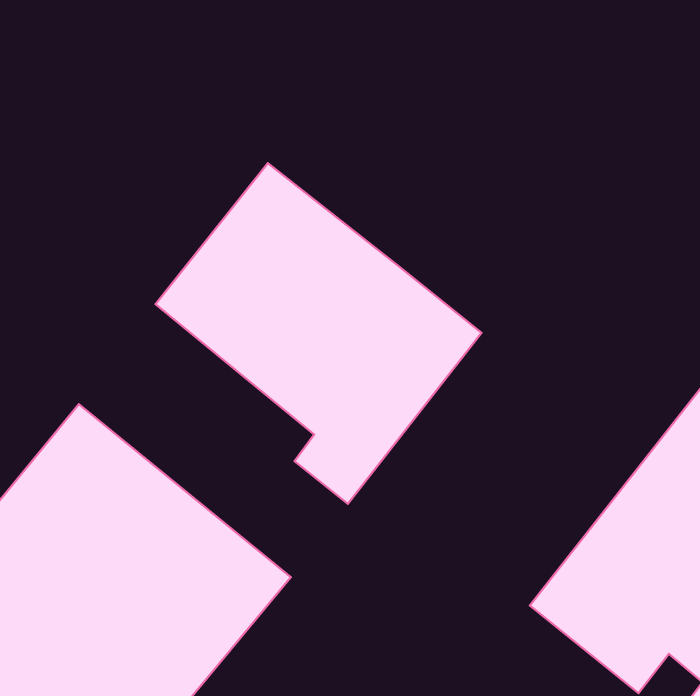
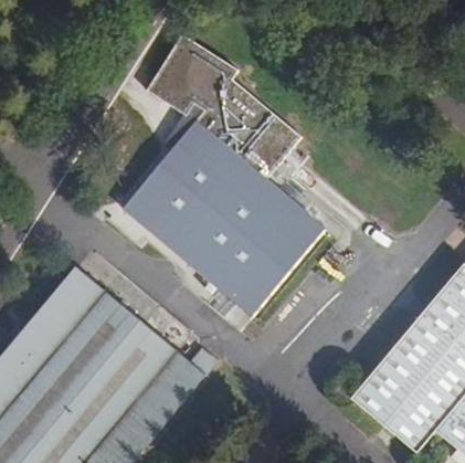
building: none -> [154,36,305,183]

